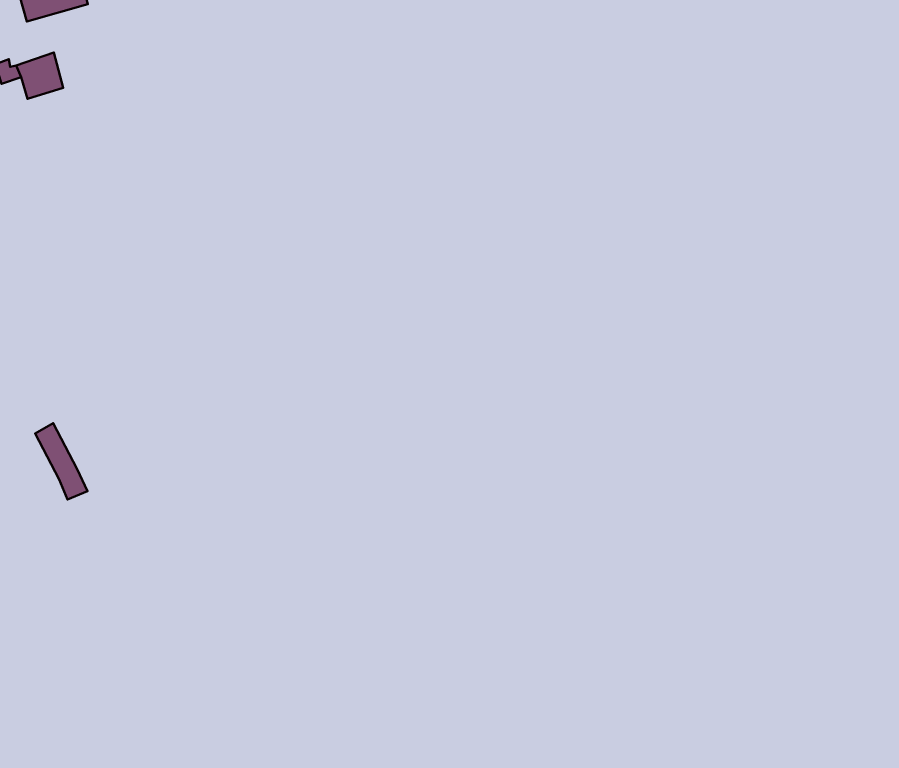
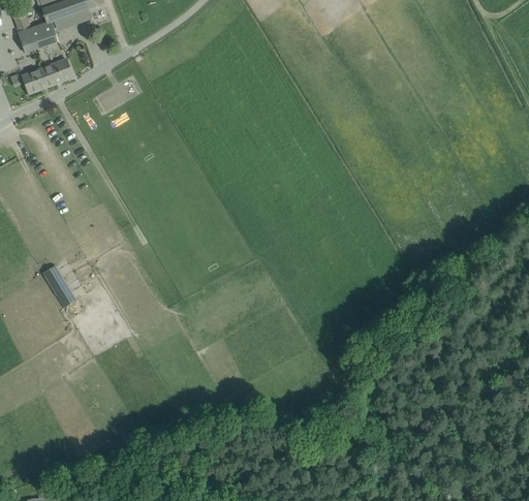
building: none -> [42,58,75,86]

